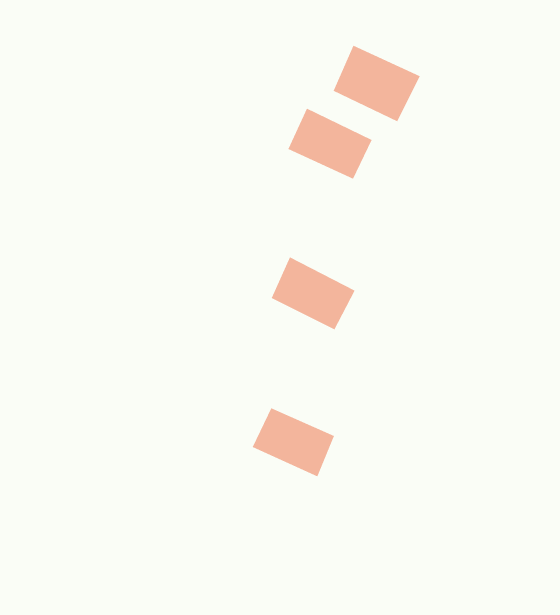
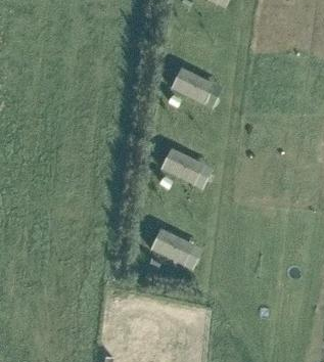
building: [333,45,421,122] -> none

